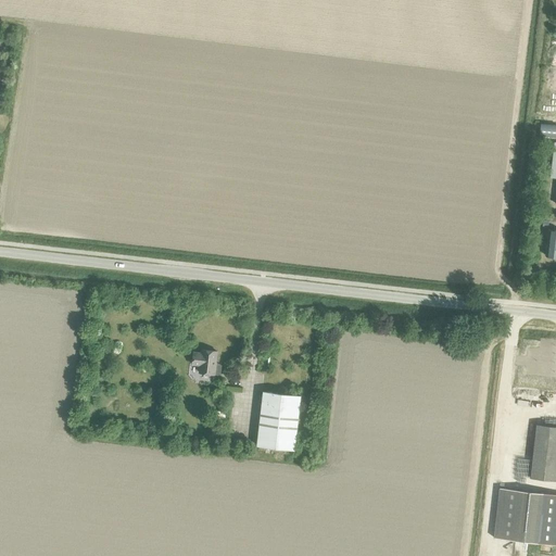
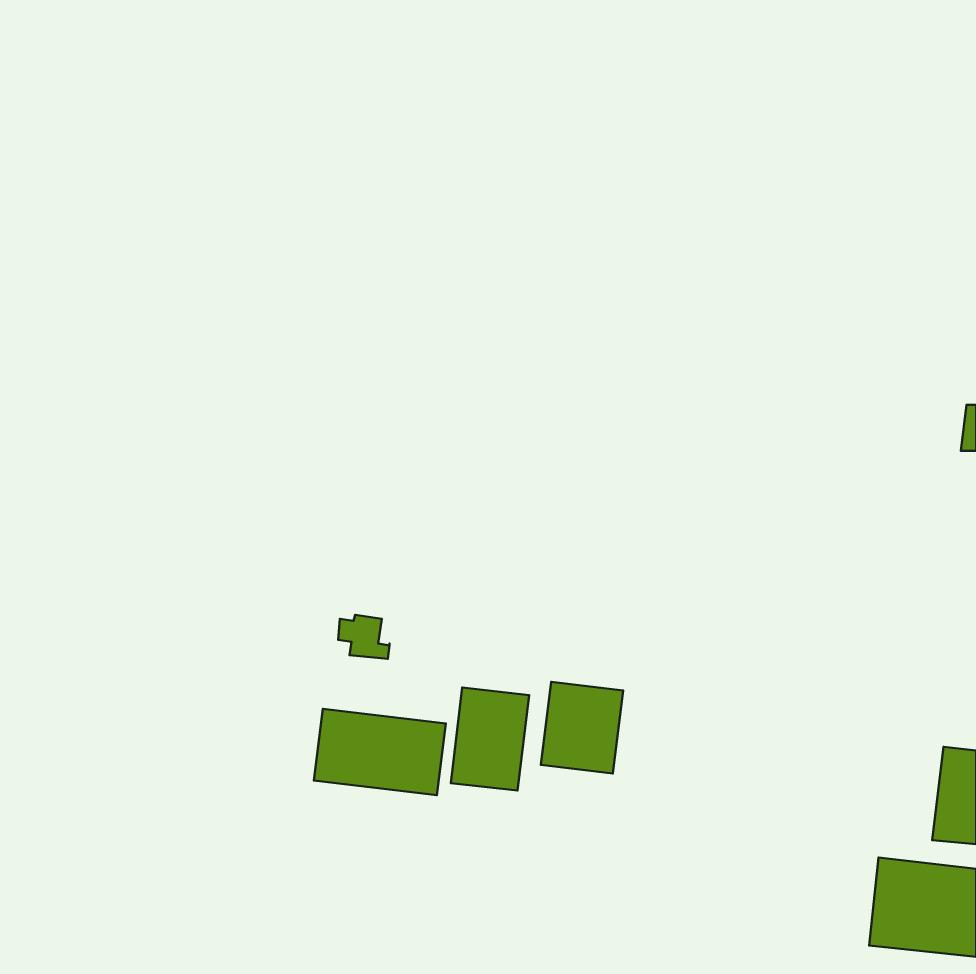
building: none -> [541,682,623,774]
building: none -> [314,709,446,795]

